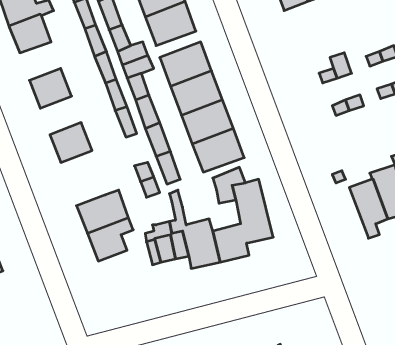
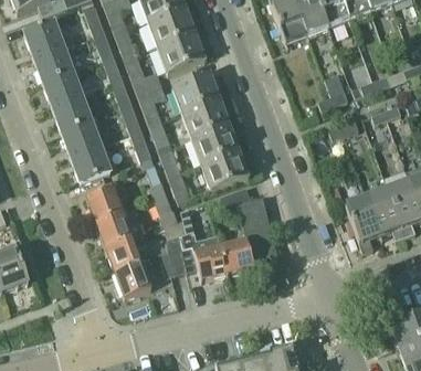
building: none -> [43,71,88,106]
building: none -> [62,120,99,156]
building: none -> [85,178,125,221]
building: none -> [115,262,150,297]

